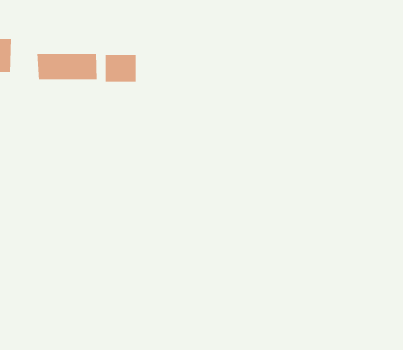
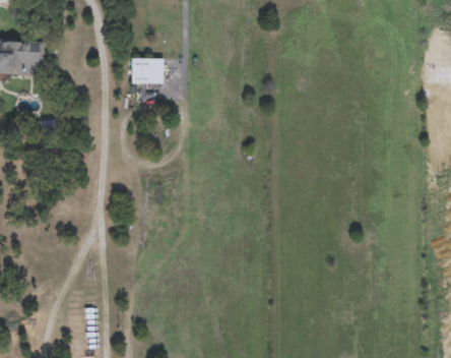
building: [37,53,97,80] -> none

